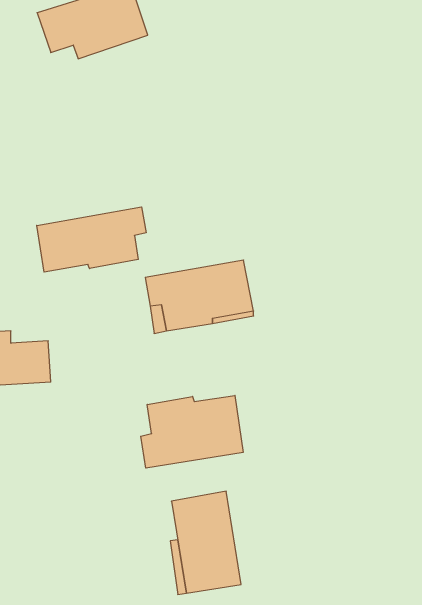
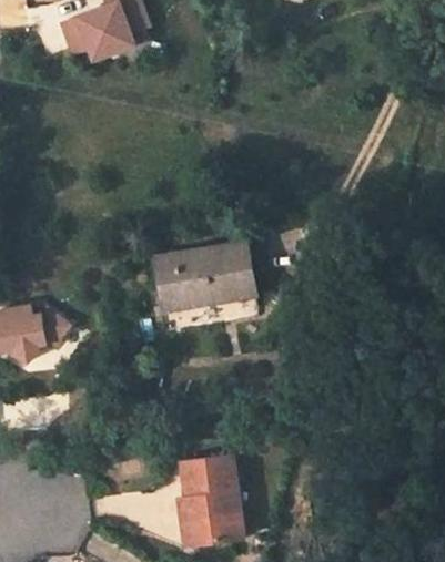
building: [37,207,146,272] -> none
building: [141,395,243,468] -> none

